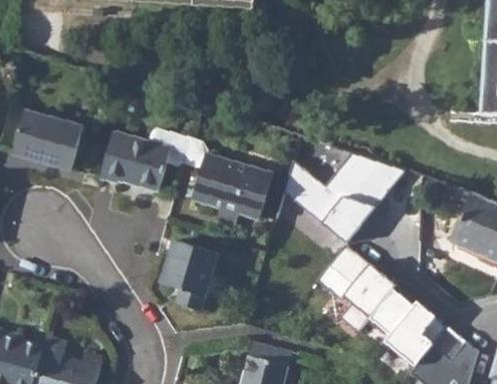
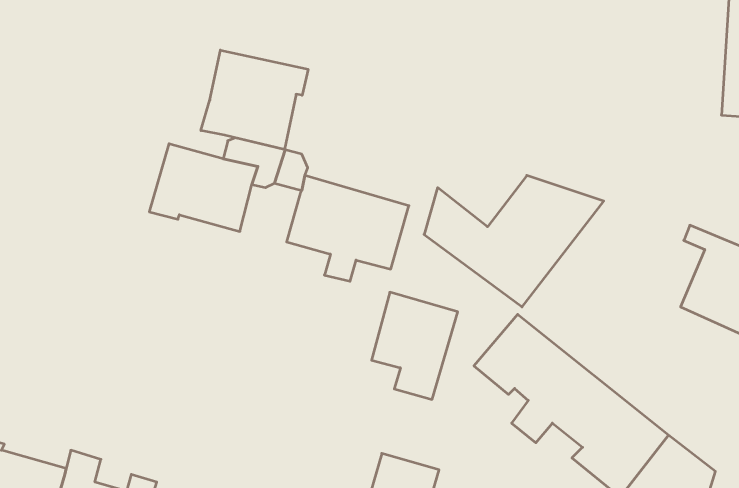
building: none -> [201,50,308,149]
building: [14,109,84,169] -> none
building: [164,239,221,310] -> [372,292,458,399]

